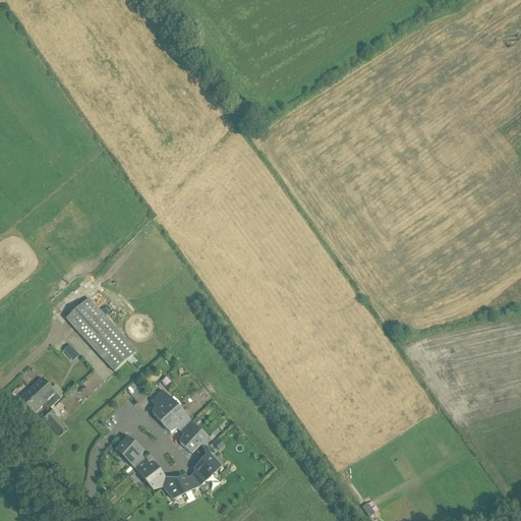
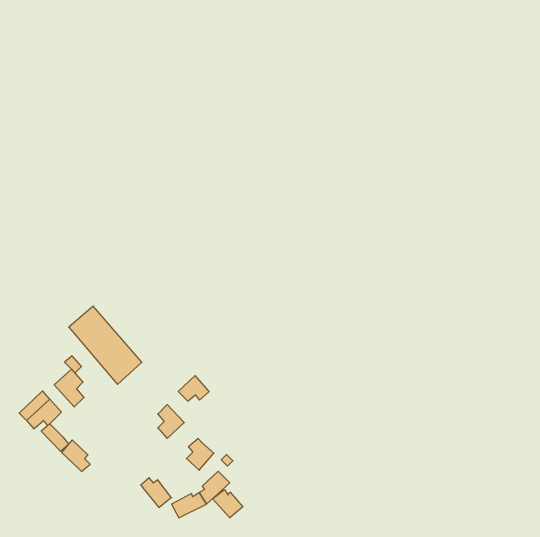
building: none -> [54,369,84,407]
building: [161,406,190,430] -> [178,376,209,401]
building: [116,436,143,466] -> [62,440,90,472]
building: none -> [212,490,243,518]

